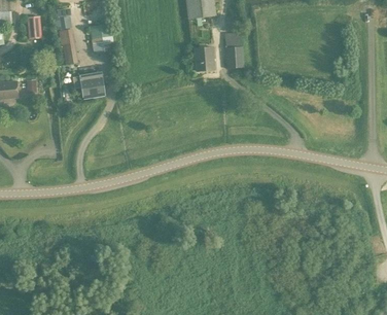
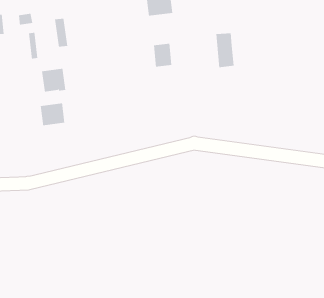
building: [224,32,244,68] -> [215,33,234,68]
building: none -> [40,102,65,126]

